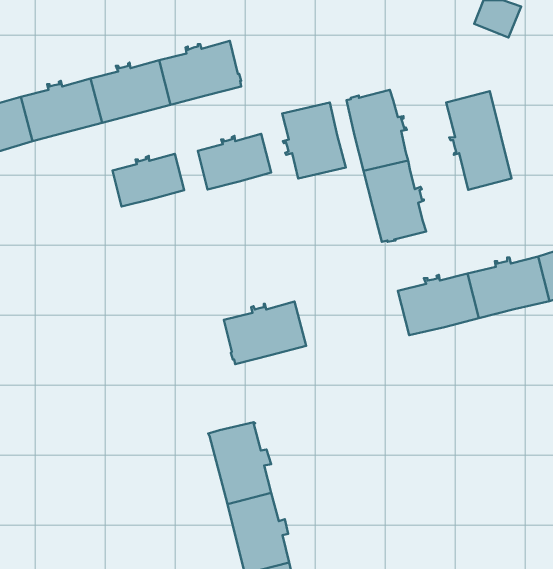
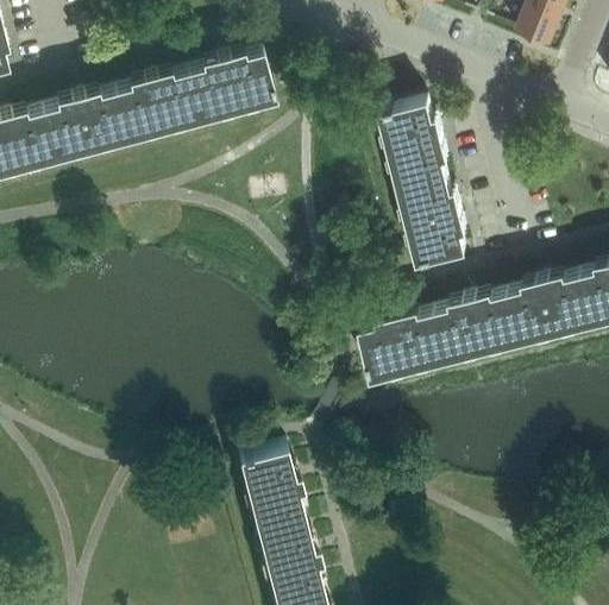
building: [446,91,512,190] -> none
building: [282,102,346,178] -> none
building: [198,134,271,189] -> none
building: [112,154,184,207] -> none
building: [224,301,306,364] -> [363,314,448,379]

